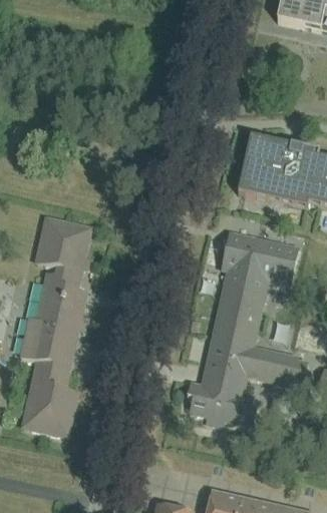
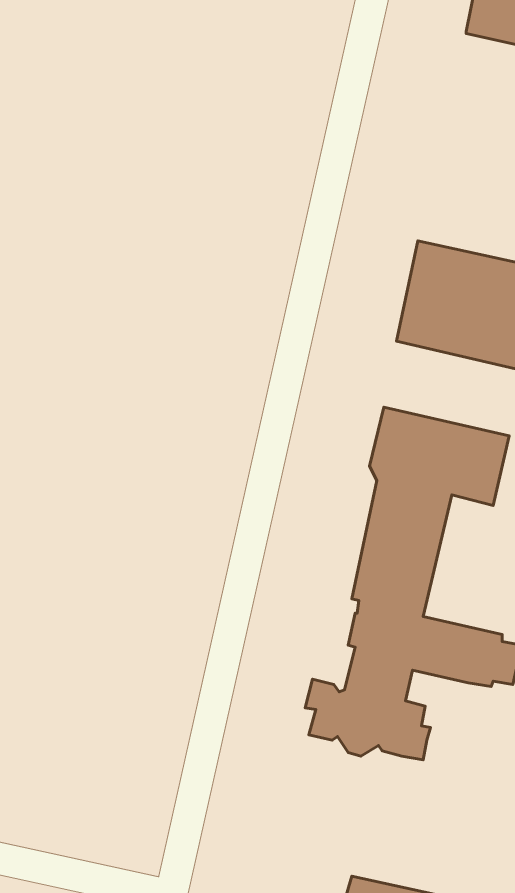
building: [20,215,91,437] -> none

